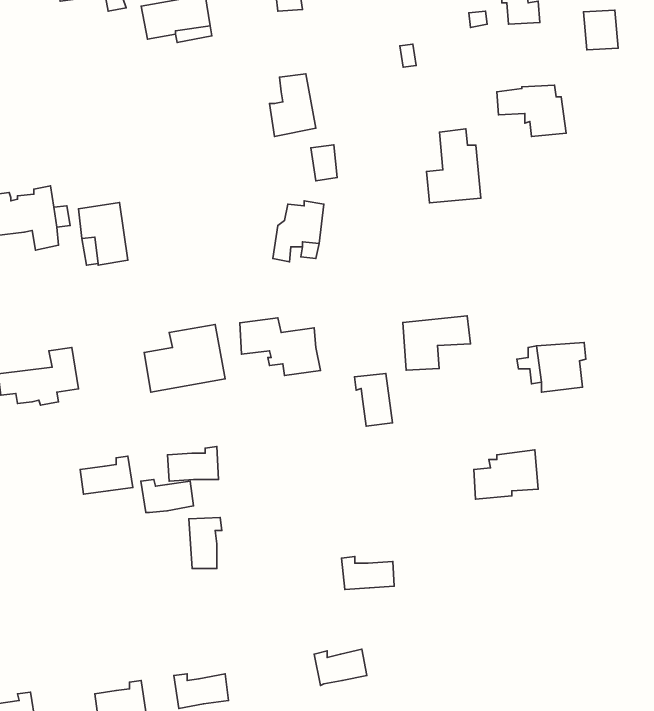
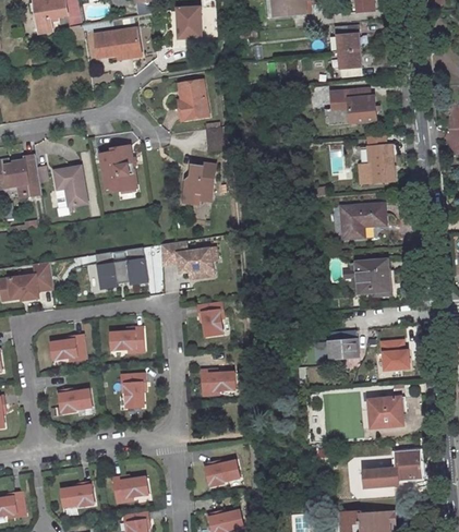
building: [584,10,618,50] -> [337,47,360,73]
building: [426,129,481,203] -> [357,132,392,181]
building: none -> [101,147,135,190]
building: [403,316,470,370] -> [341,205,386,241]
building: [355,374,392,426] -> [197,303,222,338]
building: none -> [381,338,412,372]
building: [141,480,194,512] -> [60,388,95,410]
building: none -> [366,396,406,426]
building: [342,557,394,590] -> [203,370,238,391]
building: none -> [363,451,421,487]

